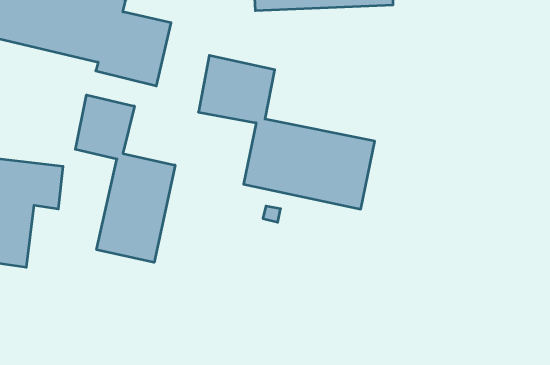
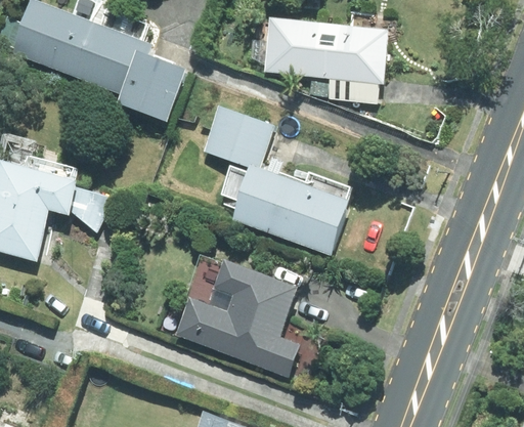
building: [75,95,175,262] -> none
building: none -> [174,258,299,376]

